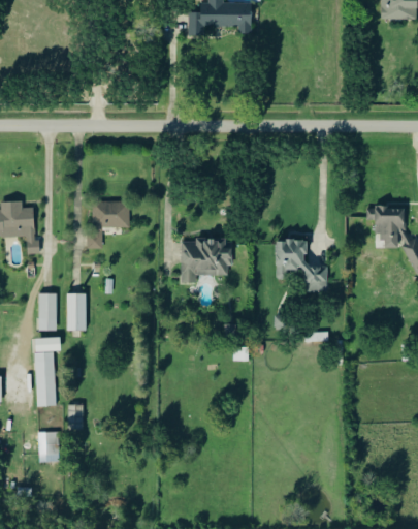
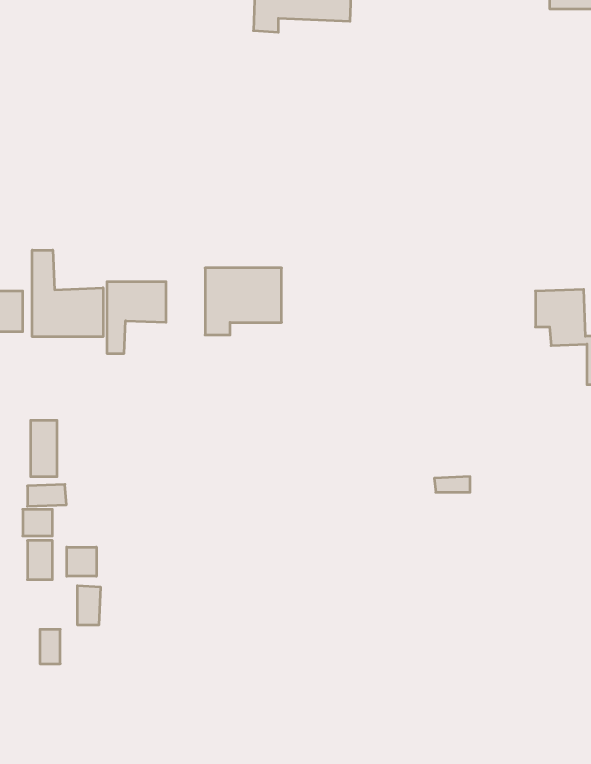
building: none -> [32,250,103,337]
building: [180,240,230,284] -> [205,268,282,335]
building: [276,241,327,283] -> none
building: [67,293,86,331] -> none
building: none -> [67,547,96,576]

